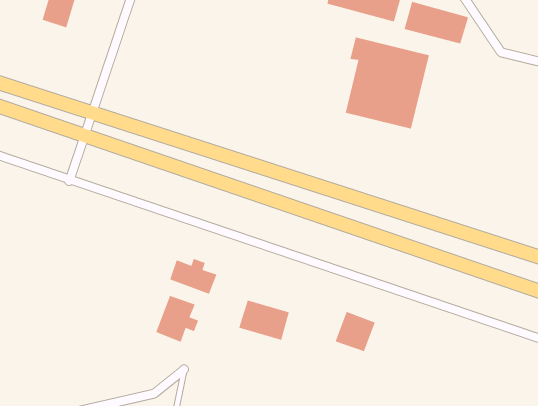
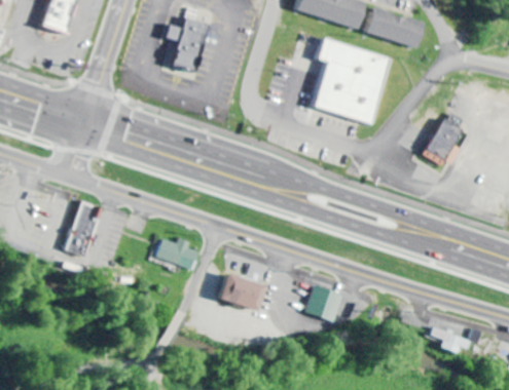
building: none -> [163,17,205,70]
building: none -> [423,111,460,163]
building: none -> [63,201,99,257]
building: [155,295,199,343] -> none

